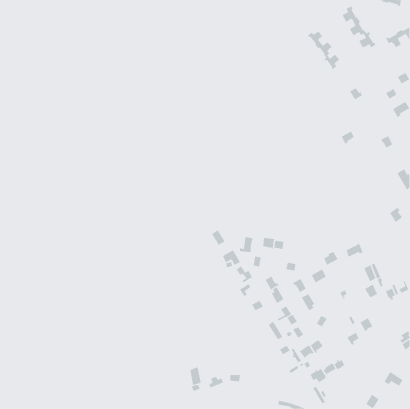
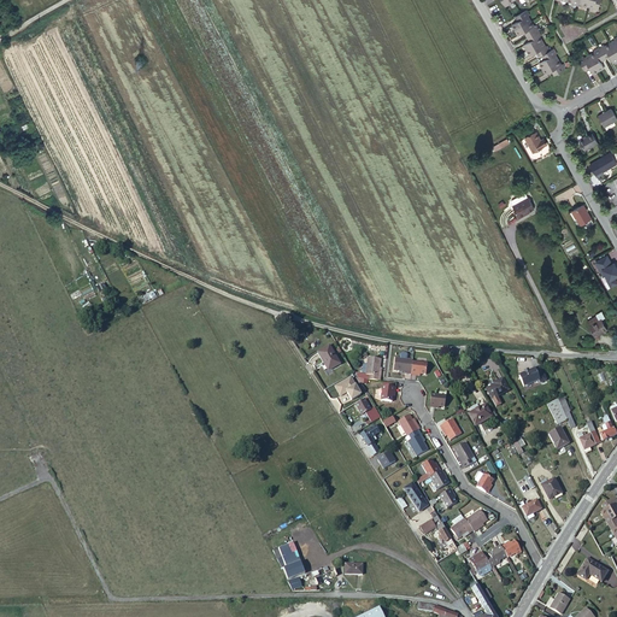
building: [307,31,340,70] -> none

